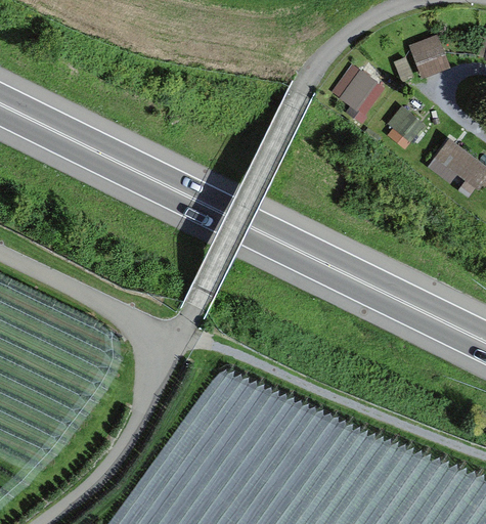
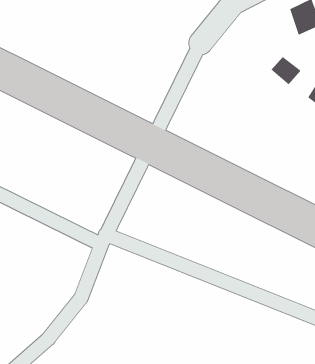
building: [337,69,377,112] -> none

